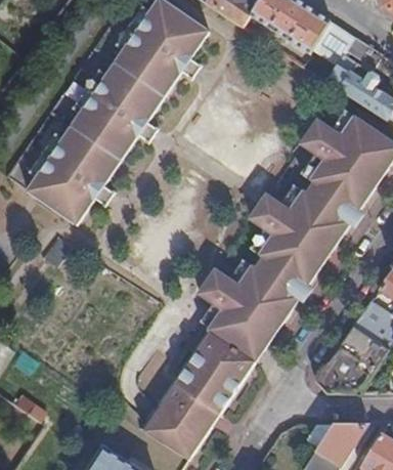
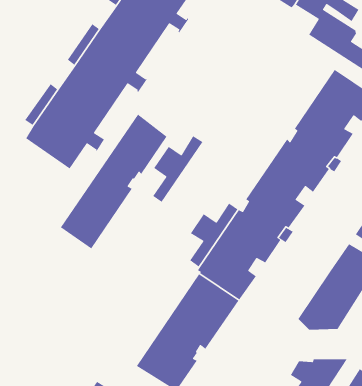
building: [301,111,354,181] -> none
building: none -> [60,113,168,250]
building: [250,184,304,256] -> [152,135,203,203]

